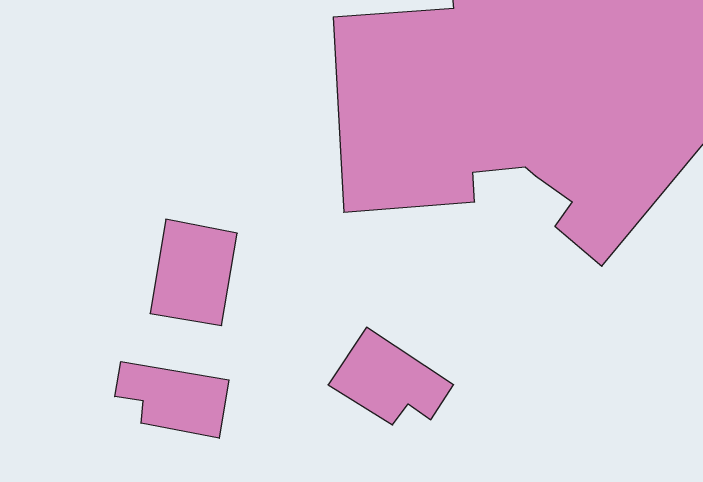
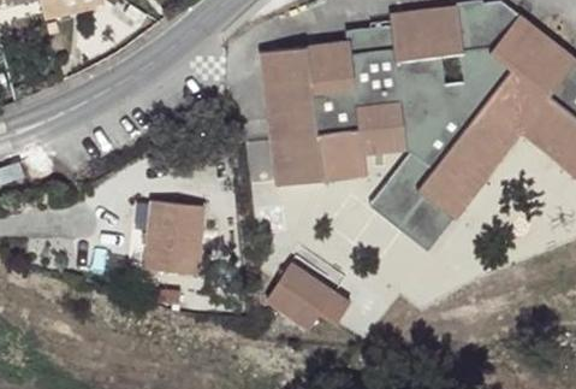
building: none -> [372,159,456,254]
building: [115,362,229,438] -> none

